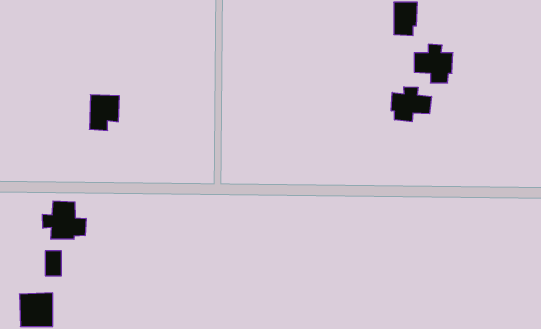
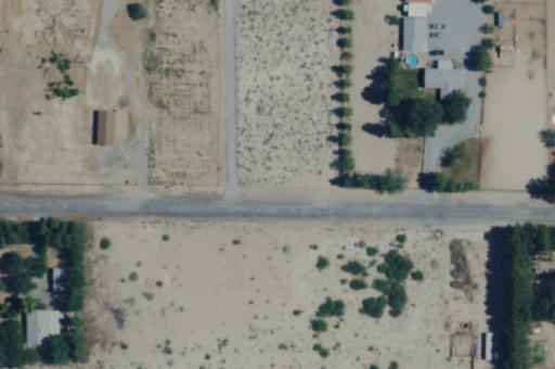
building: [391,87,431,122] -> none
building: [43,201,86,239] -> none

